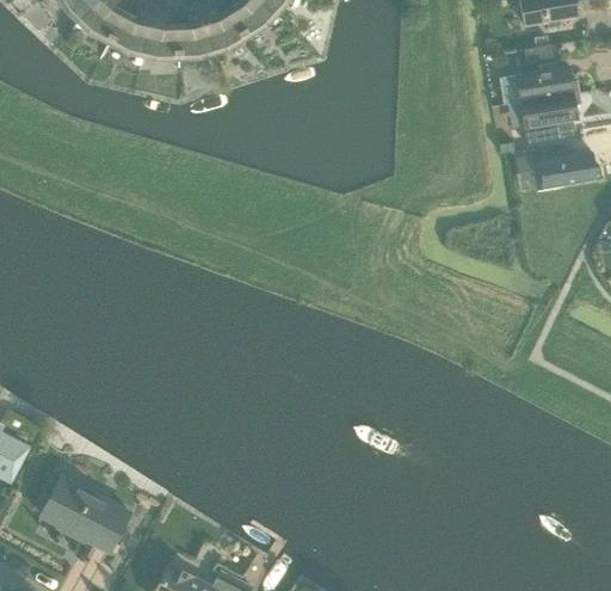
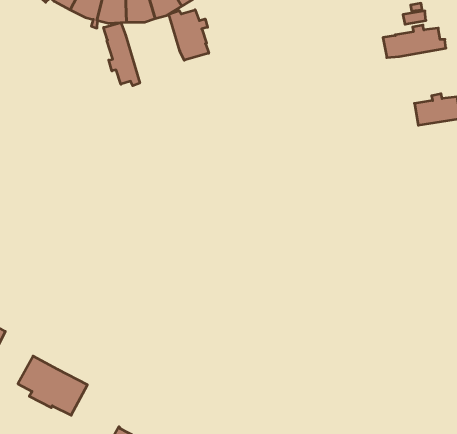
building: none -> [169,10,209,60]
building: none -> [104,23,140,86]
building: [519,90,580,129] -> none

